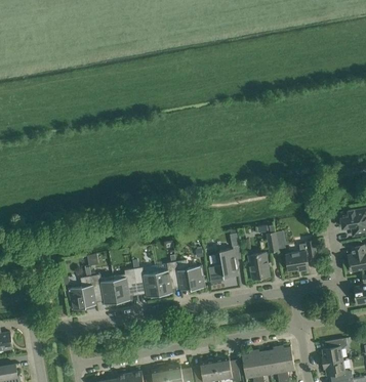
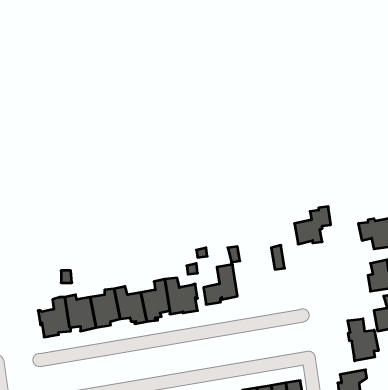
building: [285,241,316,272] -> [294,207,331,244]
building: [247,252,270,280] -> none
building: none -> [348,319,378,361]

